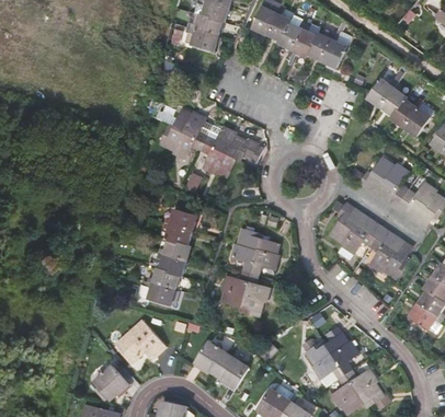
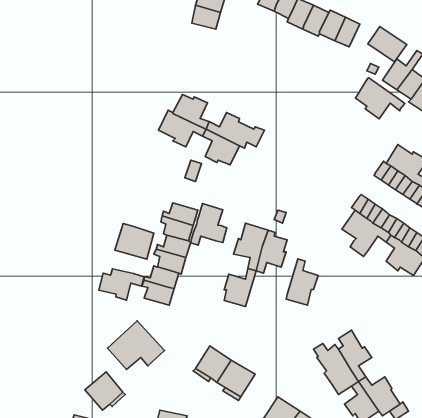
building: none -> [368,26,407,62]
building: none -> [355,78,405,119]
building: none -> [191,204,227,245]
building: none -> [115,224,154,259]
building: none -> [99,269,144,300]
building: [240,273,270,315] -> [286,259,318,305]

